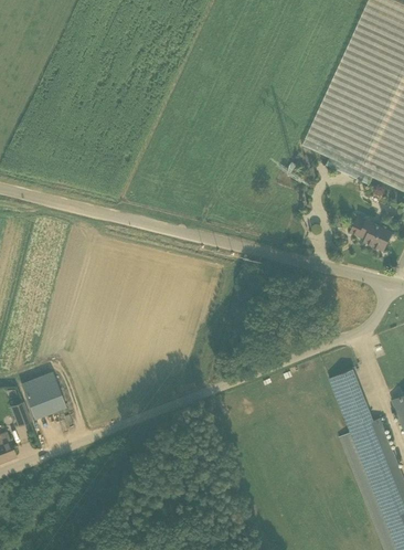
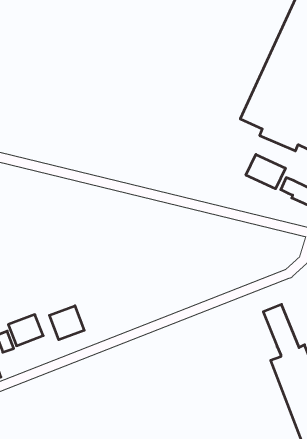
building: none -> [246,154,285,189]
building: none -> [49,306,84,340]

